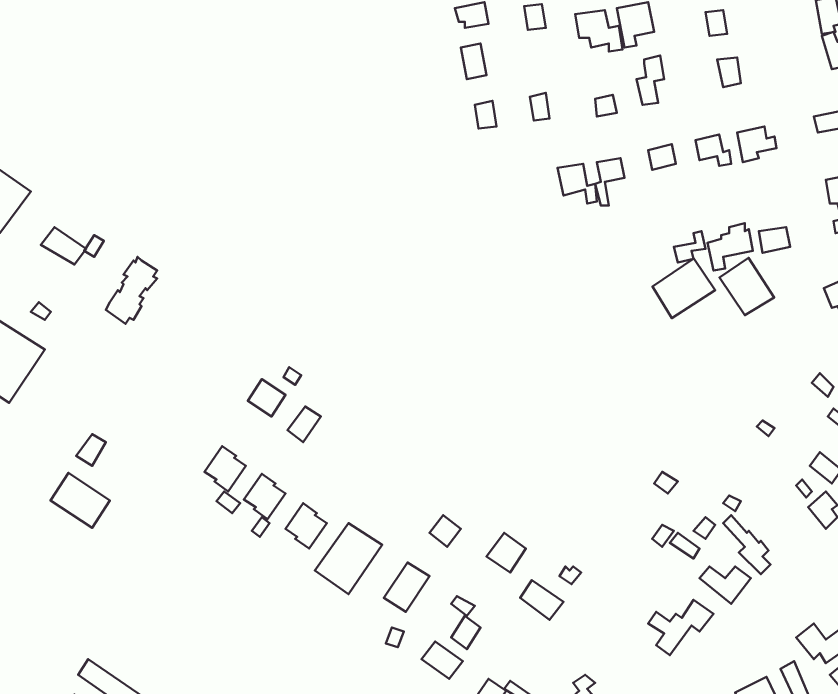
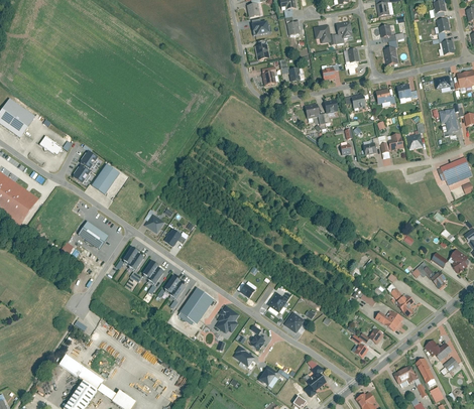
building: [719,258,774,315] -> none
building: [652,258,715,318] -> none
building: none -> [92,163,120,193]
building: [51,473,110,528] -> [78,221,108,249]

